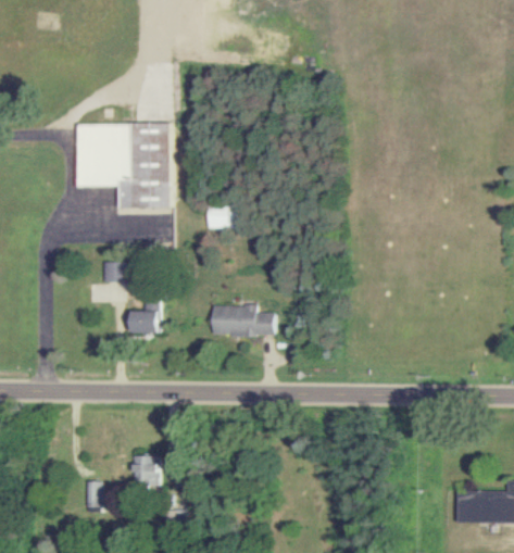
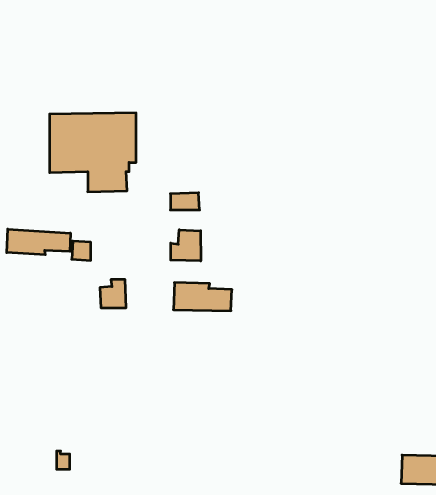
building: none -> [7,229,70,255]
building: none -> [171,230,201,261]
building: [134,456,158,491] -> none

